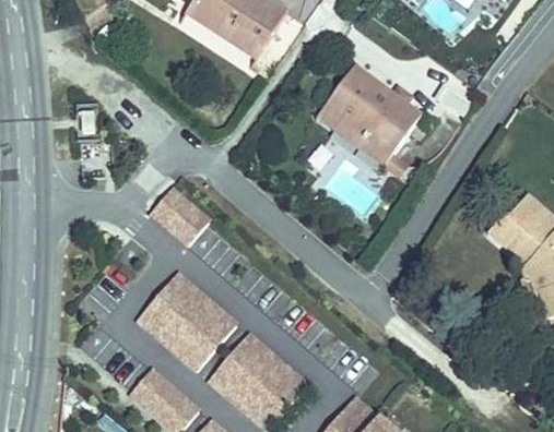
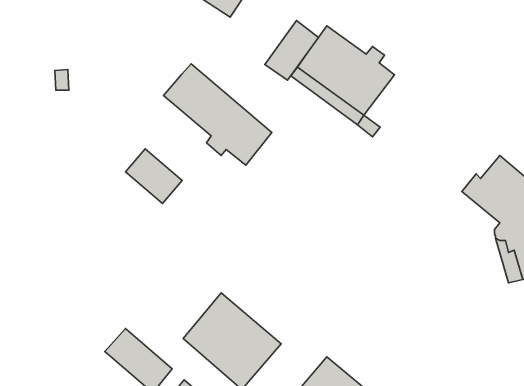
building: none -> [265,21,319,80]
building: none -> [164,64,272,165]
building: [139,273,237,369] -> none

